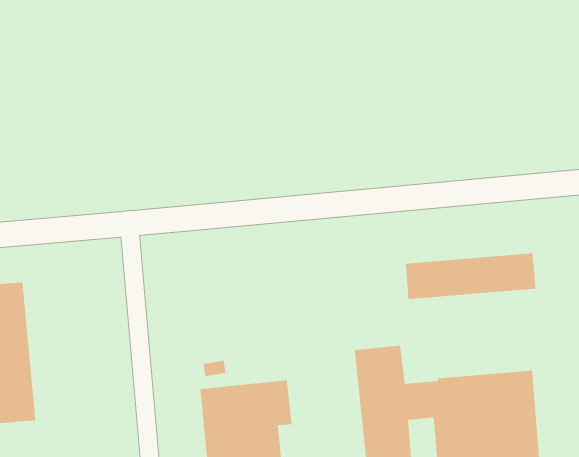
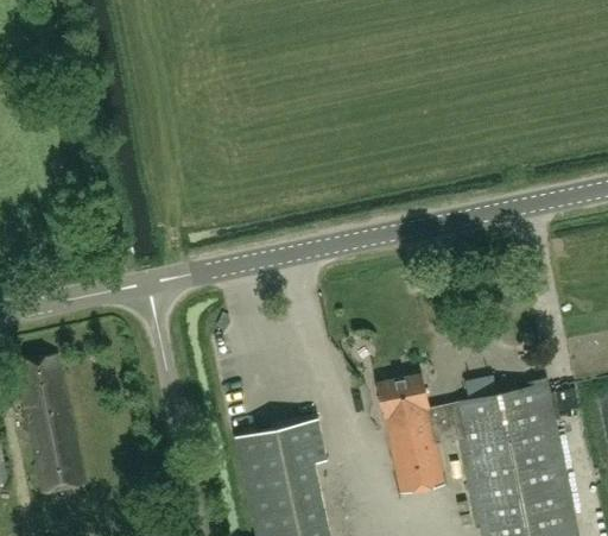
building: [405,252,536,300] -> none

